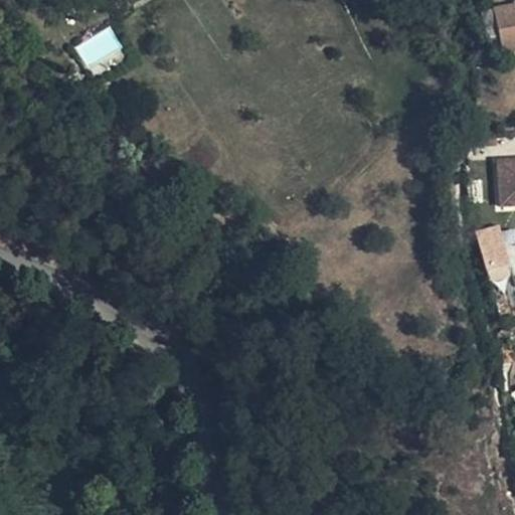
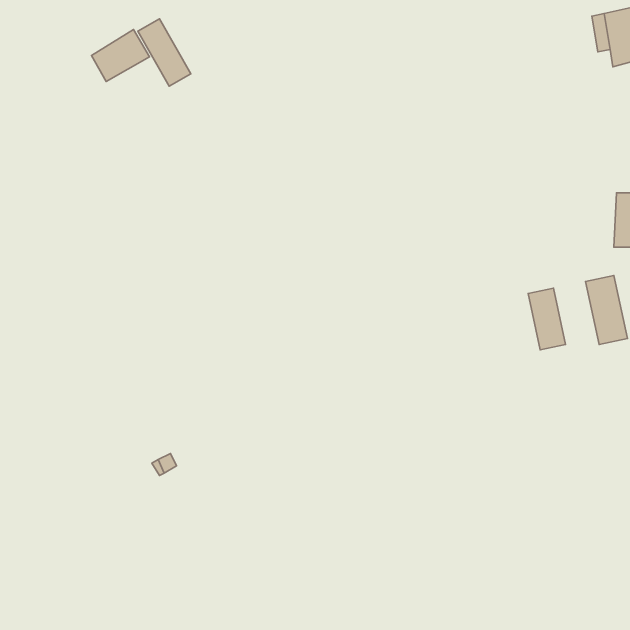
building: none -> [138,19,191,86]
building: none -> [528,288,566,350]

